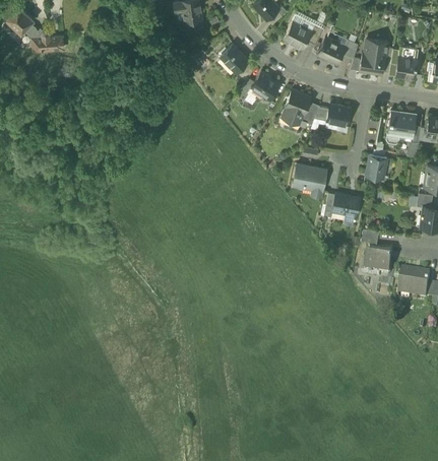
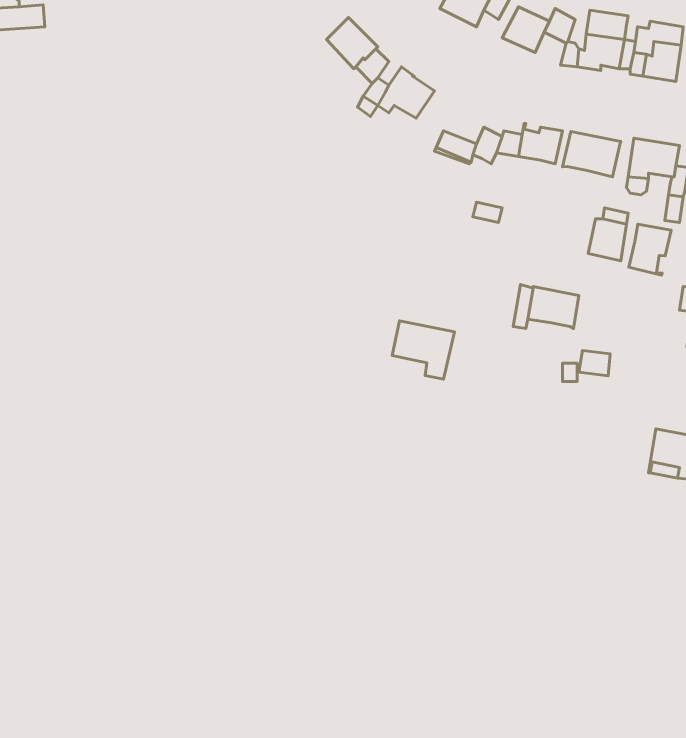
building: [286,88,311,113] -> none
building: none -> [563,131,621,177]
building: none -> [629,224,671,275]
building: [293,162,327,195] -> [392,321,454,379]
building: [367,244,394,275] -> none

